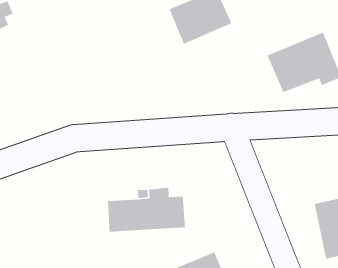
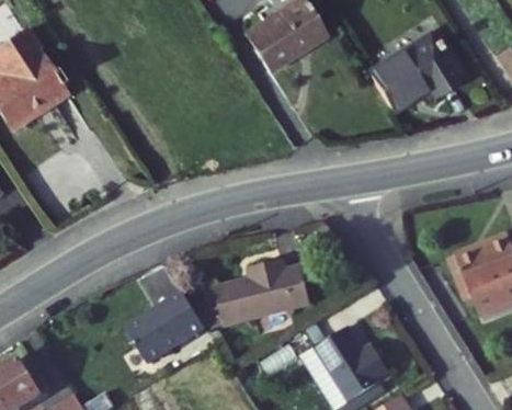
building: none -> [123,282,203,358]

